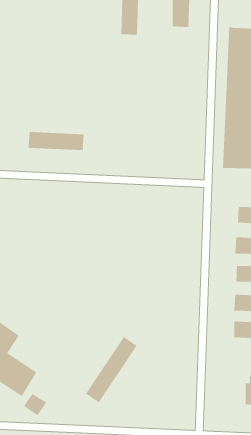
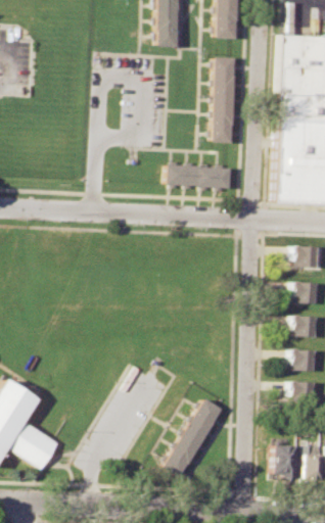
building: none -> [212,57,236,142]
building: [28,132,84,151] -> [168,165,234,188]
building: [85,336,137,403] -> [161,398,223,477]
building: none -> [271,445,294,476]
building: [23,393,47,416] -> none

